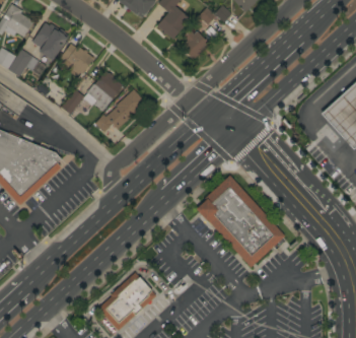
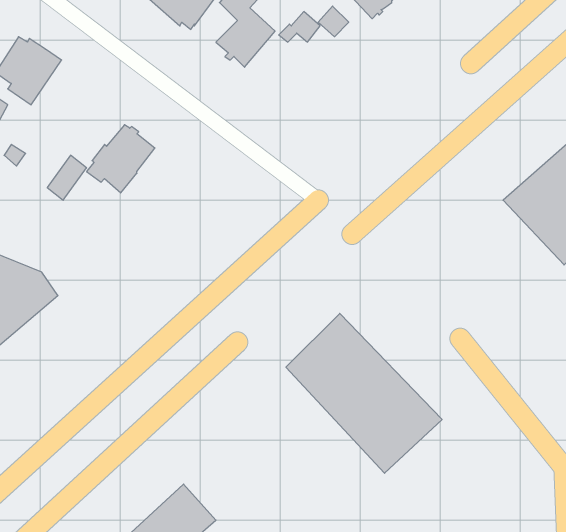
building: [181,29,209,59] -> none
building: [56,44,93,77] -> none
building: [95,88,146,131] -> none

